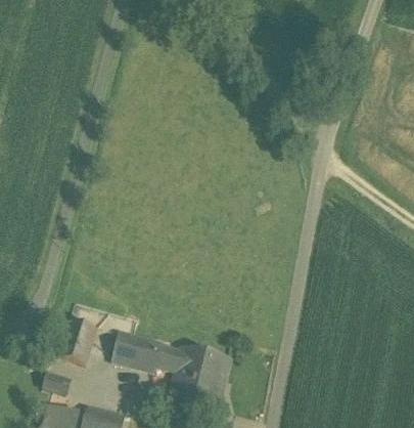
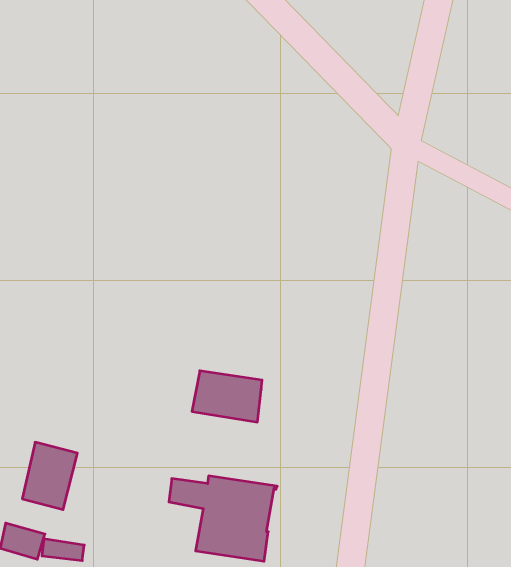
building: [112,332,160,369] -> [192,371,262,422]

